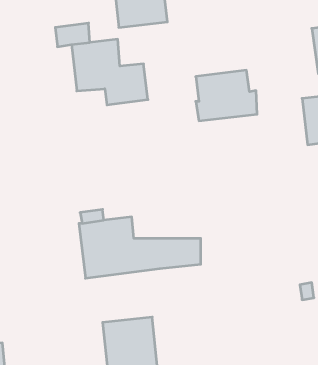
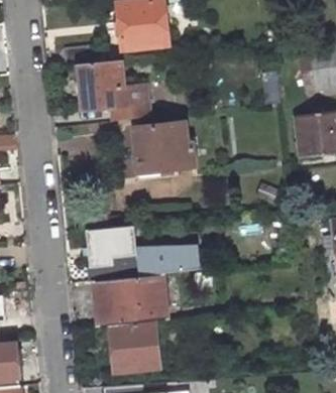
building: [196,70,257,121] -> [135,123,193,170]
building: none -> [92,274,164,325]

